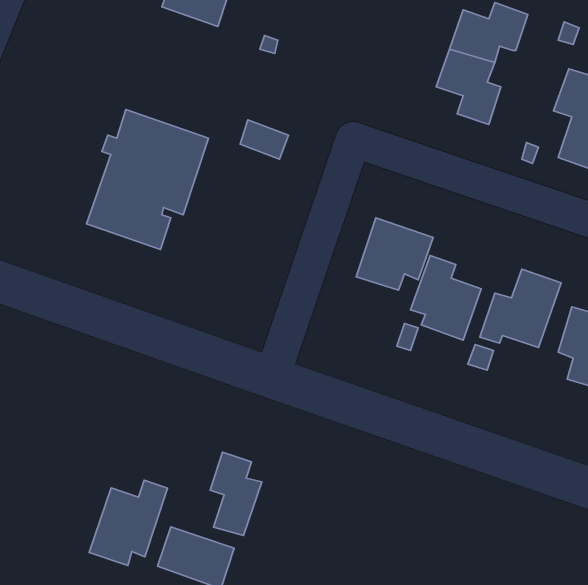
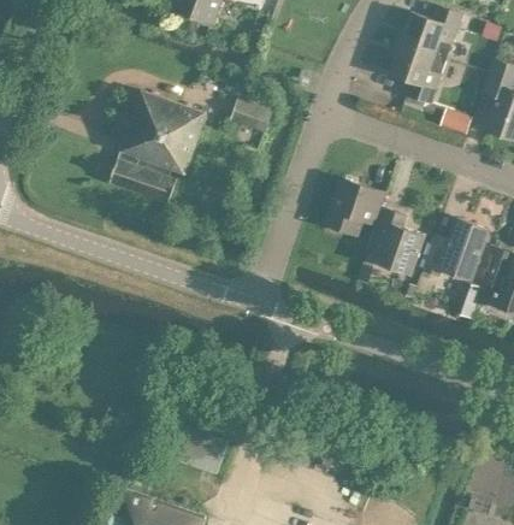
building: [210,452,262,535] -> none
building: [89,480,168,565] -> none

